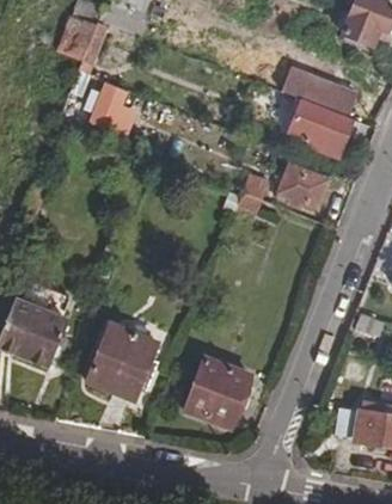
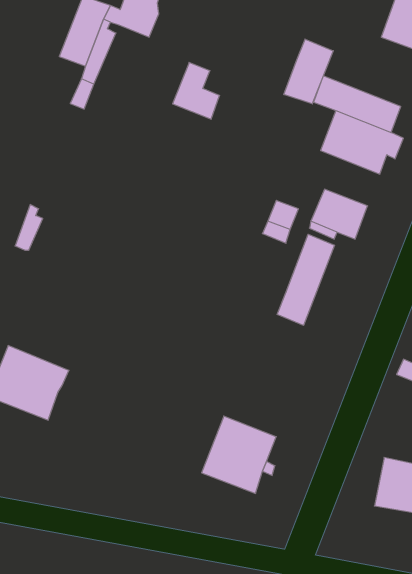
building: none -> [284,39,333,104]
building: [93,86,134,135] -> [173,62,220,119]
building: none -> [277,234,334,325]
building: [88,319,159,395] -> none

